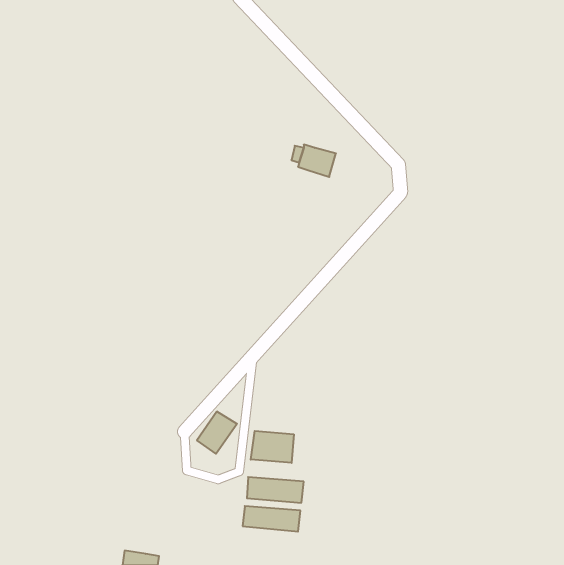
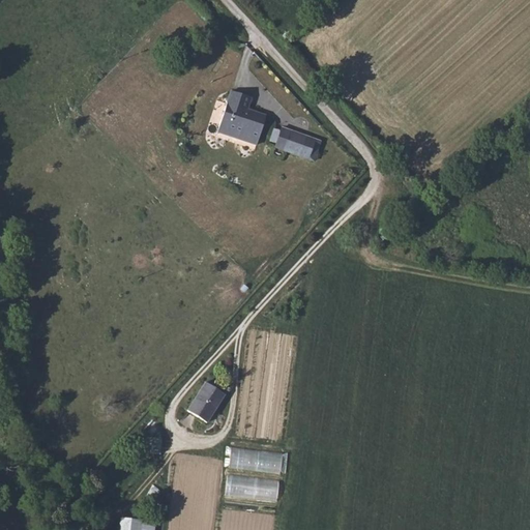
building: none -> [220,98,268,151]
building: [251,431,294,463] -> none

